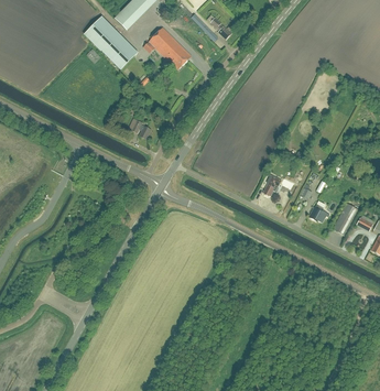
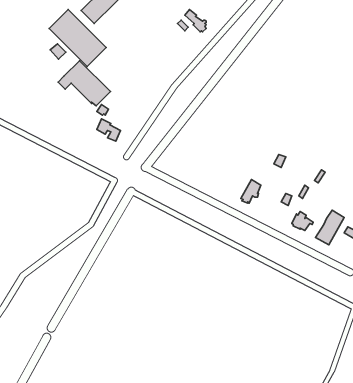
building: [142,25,191,67] -> [58,61,110,106]

